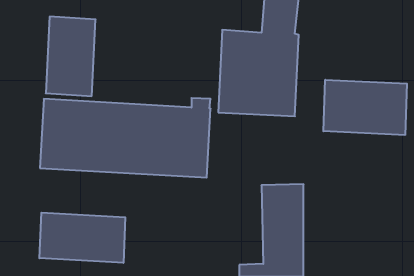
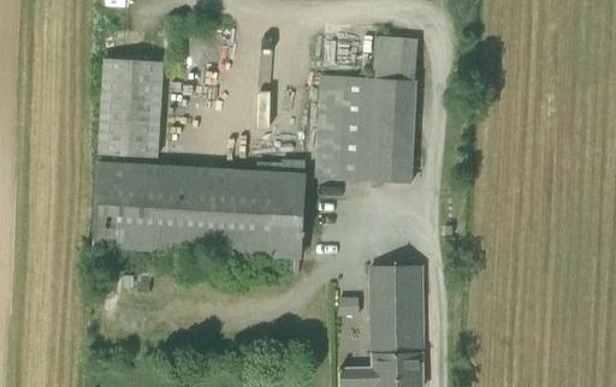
building: [323,80,407,135] -> none
building: [39,213,125,263] -> none

